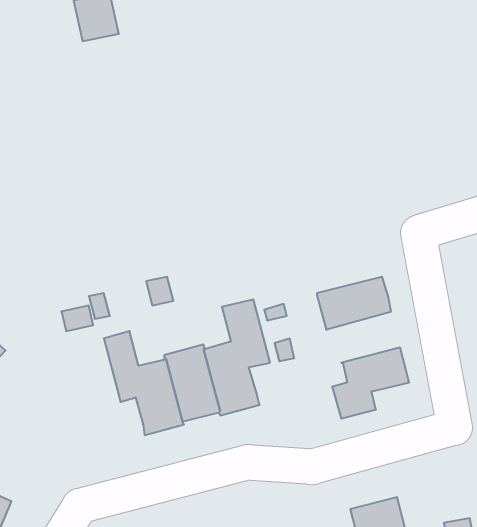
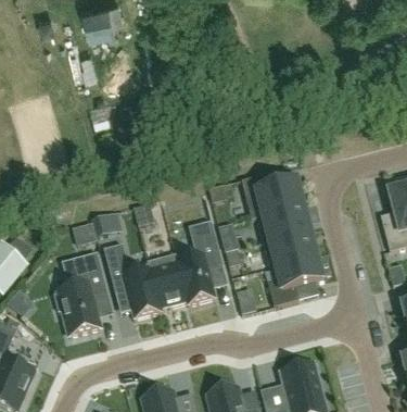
building: none -> [241,174,304,220]
building: none -> [264,229,317,269]
building: none -> [54,252,107,335]

